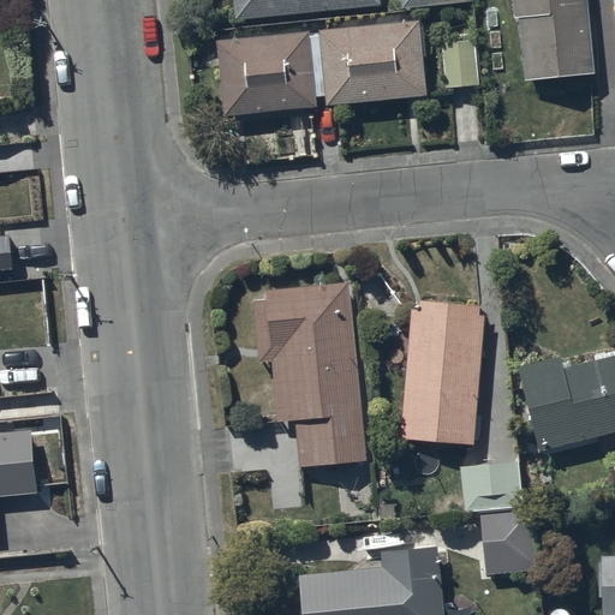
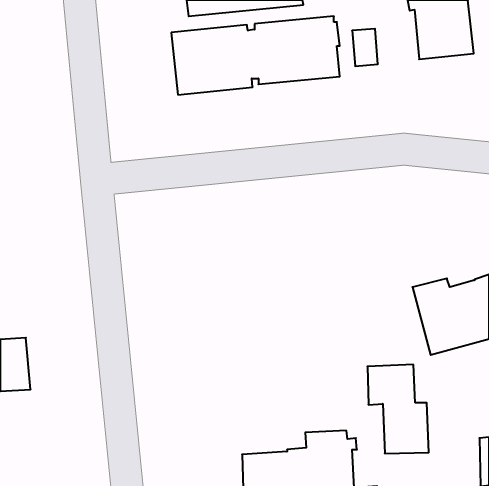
building: [252,280,365,464] -> none
building: [401,297,485,440] -> none

